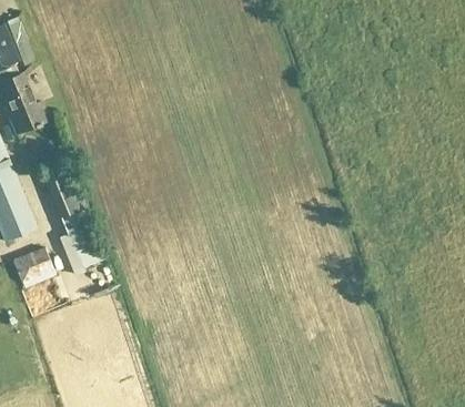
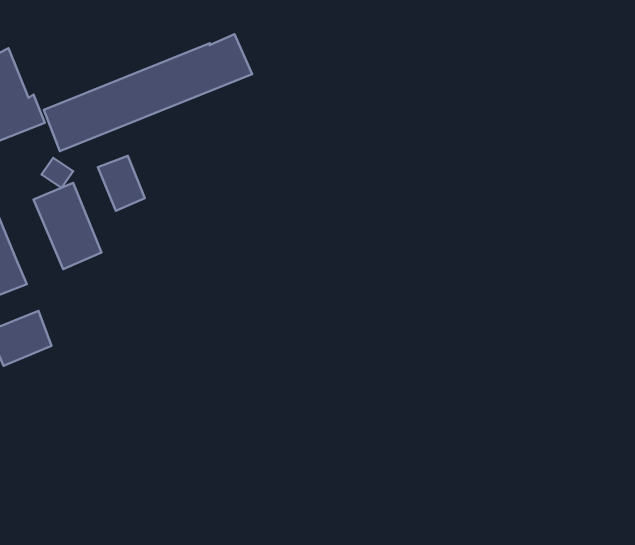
building: none -> [44,34,252,151]
building: none -> [98,156,145,211]

